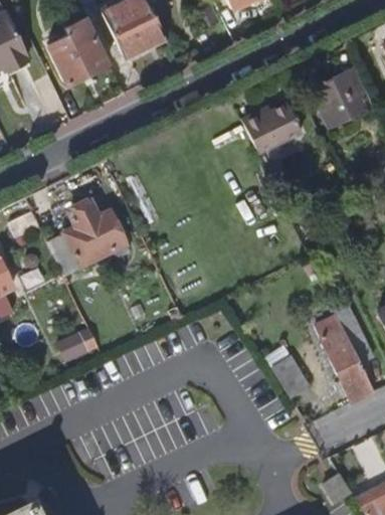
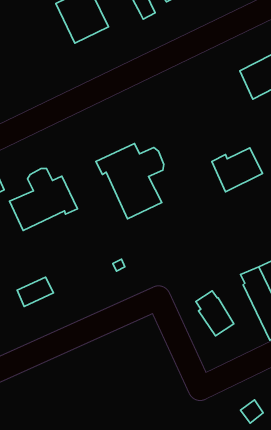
building: [50,20,106,85] -> none
building: [244,102,304,153] -> [212,148,263,192]
building: none -> [96,143,164,219]

